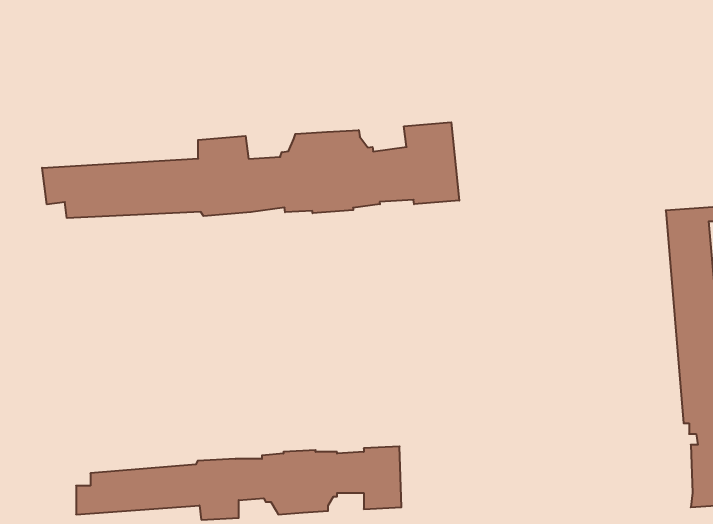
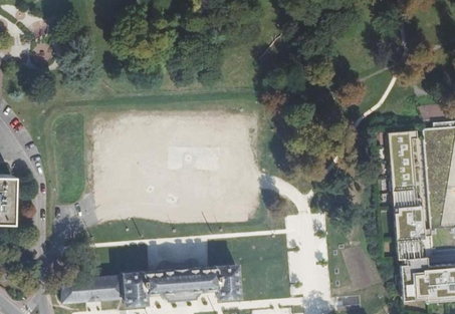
building: [42,122,459,218] -> none

